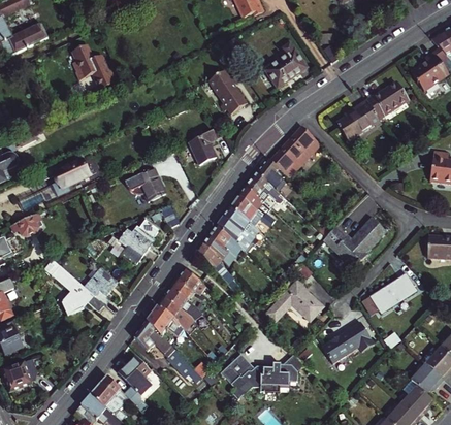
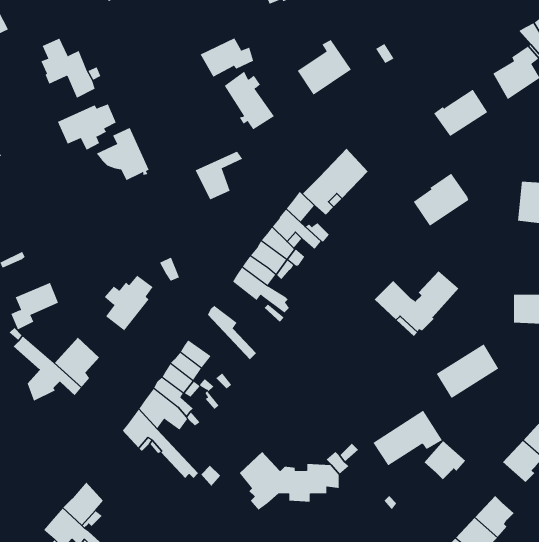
building: none -> [200,37,254,77]
building: none -> [57,103,117,150]
building: [339,100,381,140] -> [413,173,469,226]
building: [52,160,88,196] -> [11,282,59,330]
building: [126,161,166,201] -> [96,127,150,181]
building: [203,226,239,257] -> none
building: [266,280,324,321] -> none
building: [120,357,153,413] -> none
building: [405,361,437,391] -> [424,440,466,480]

